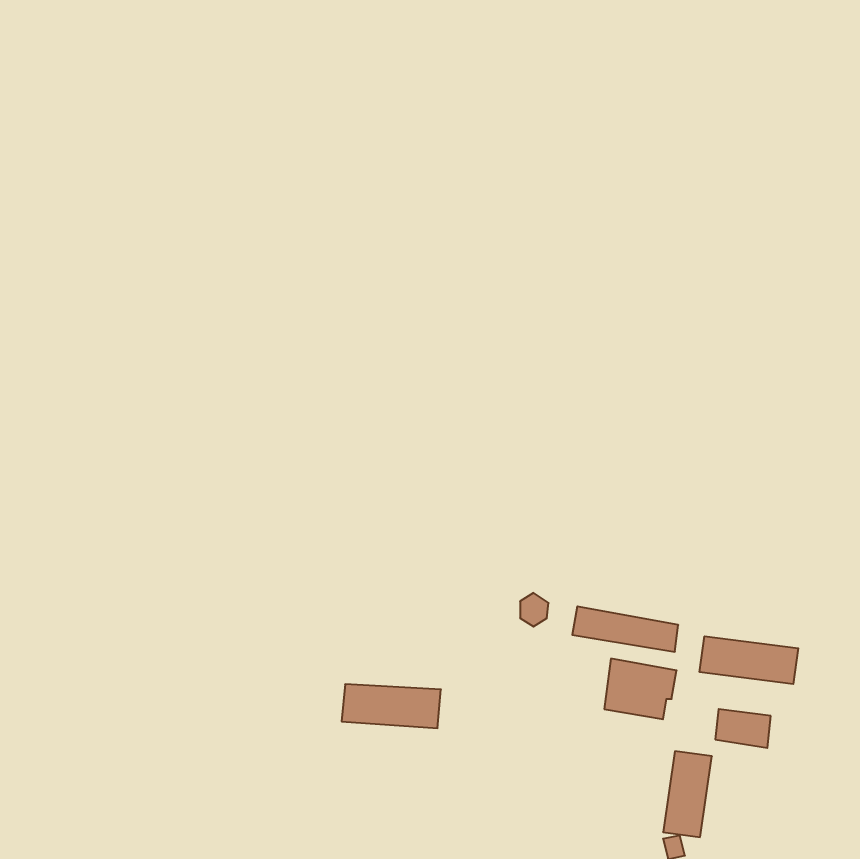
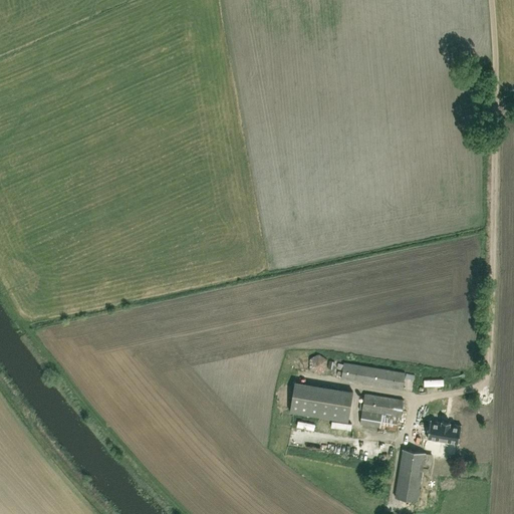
building: [700,636,798,684] -> none
building: [342,684,441,728] -> [290,389,349,415]

